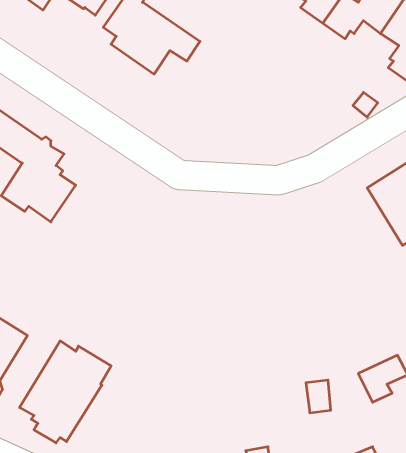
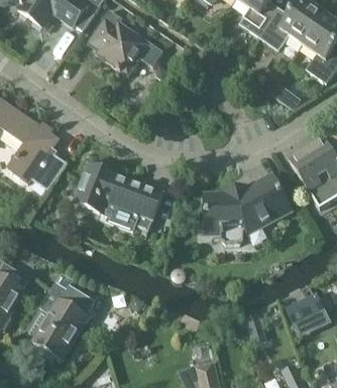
building: none -> [74,163,162,229]
building: none -> [206,174,291,244]

